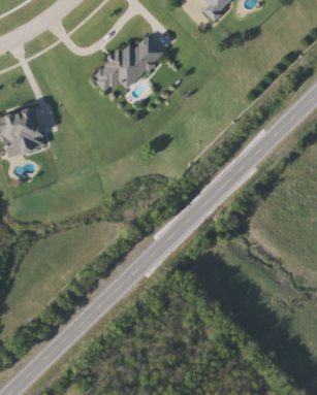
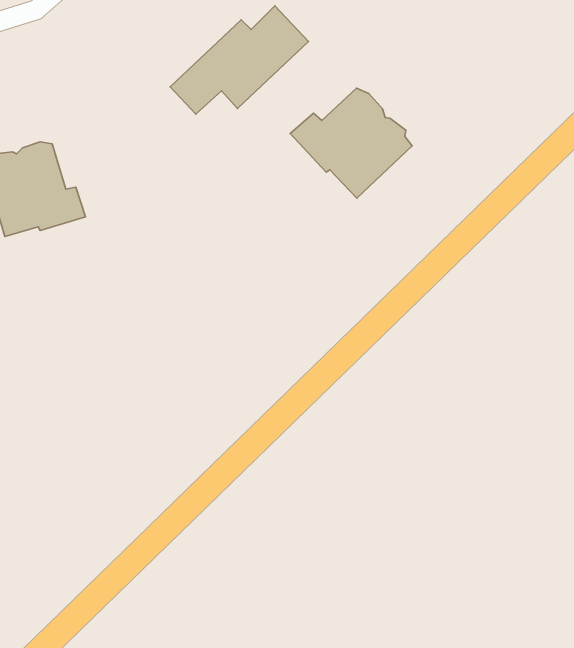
building: none -> [290,88,412,198]

